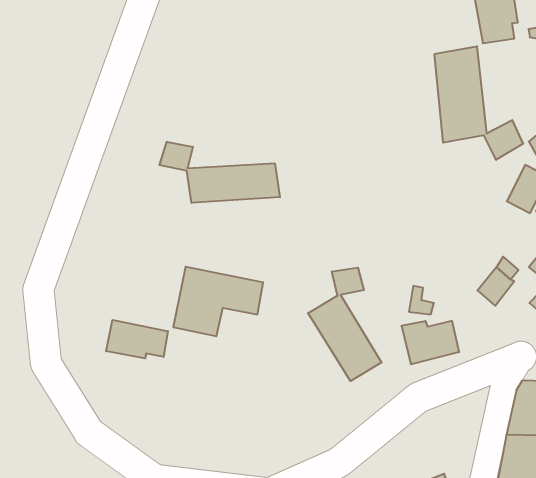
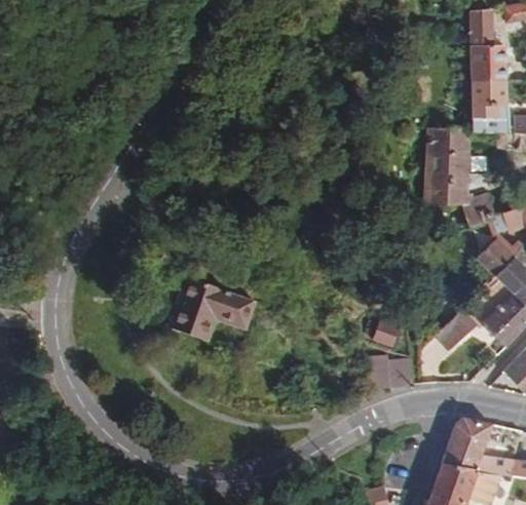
building: [159,142,280,203] -> none
building: [308,268,382,381] -> none
building: [106,320,168,358] -> none

